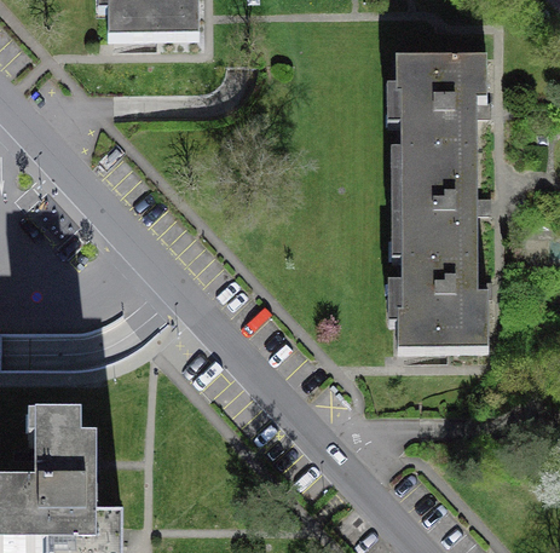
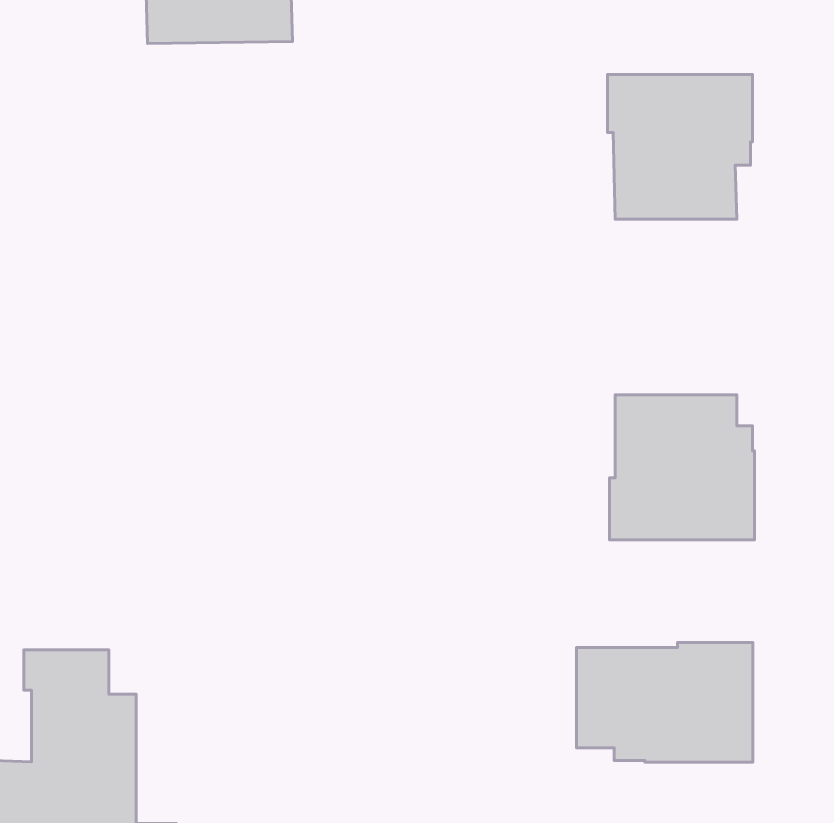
building: [398,143,483,253] -> none
building: none -> [577,643,753,762]

